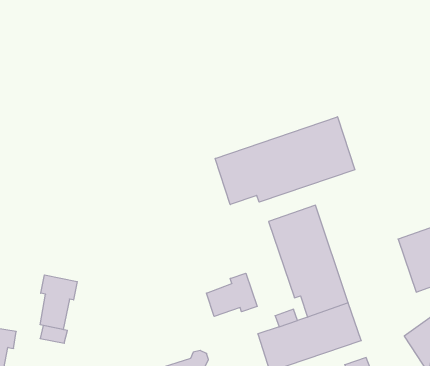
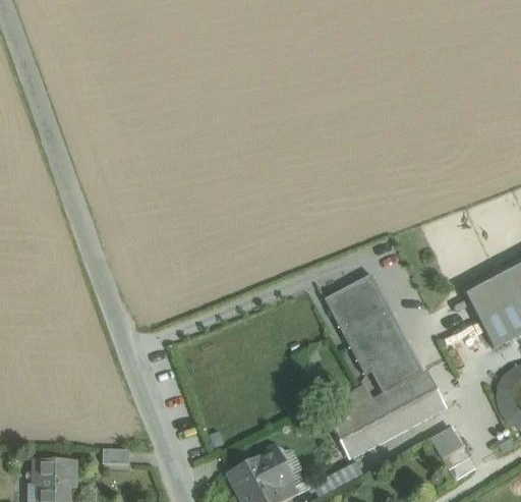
building: [215,117,355,205] -> none
building: [206,273,257,316] -> none
building: [40,275,77,330] -> none

